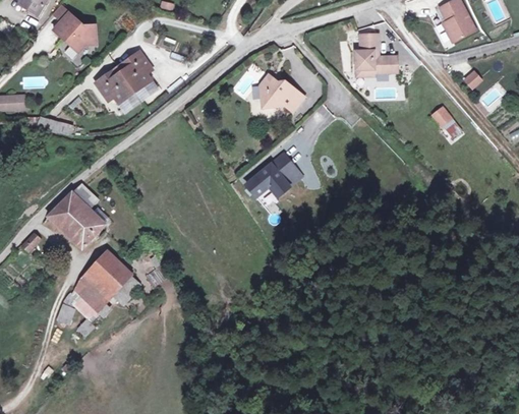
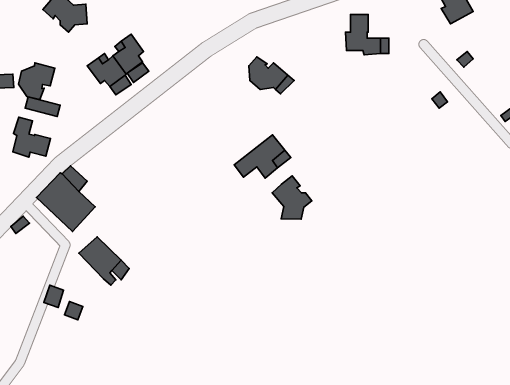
building: none -> [19,63,55,100]
building: none -> [13,117,50,157]
building: none -> [272,176,312,219]
building: [74,270,113,310] -> none

